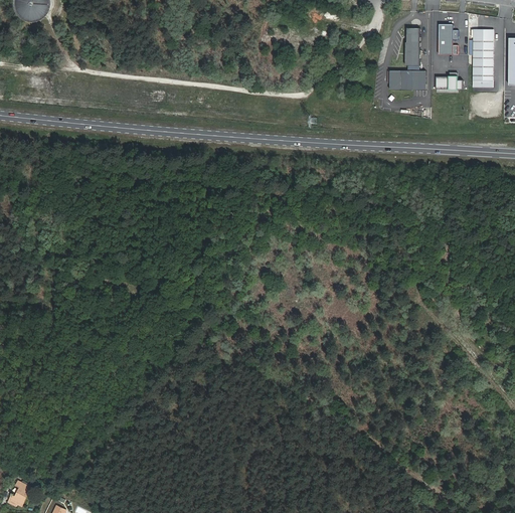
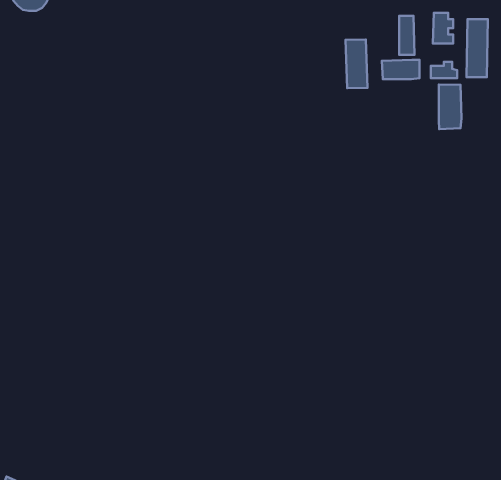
building: none -> [345,39,368,88]
building: none -> [439,84,461,129]

